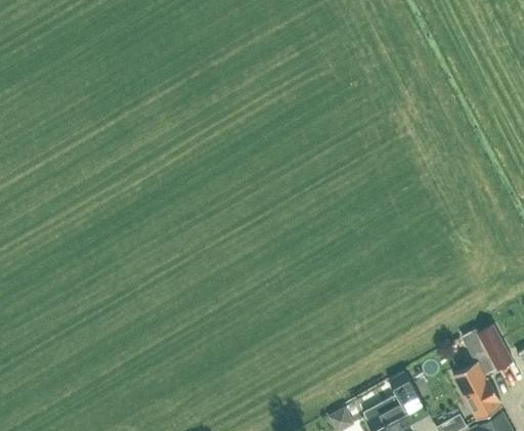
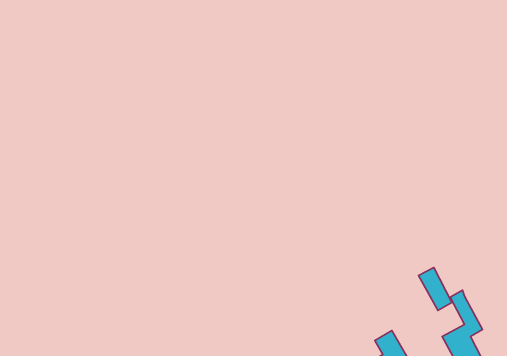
building: [478,328,512,372] -> [419,267,452,311]

